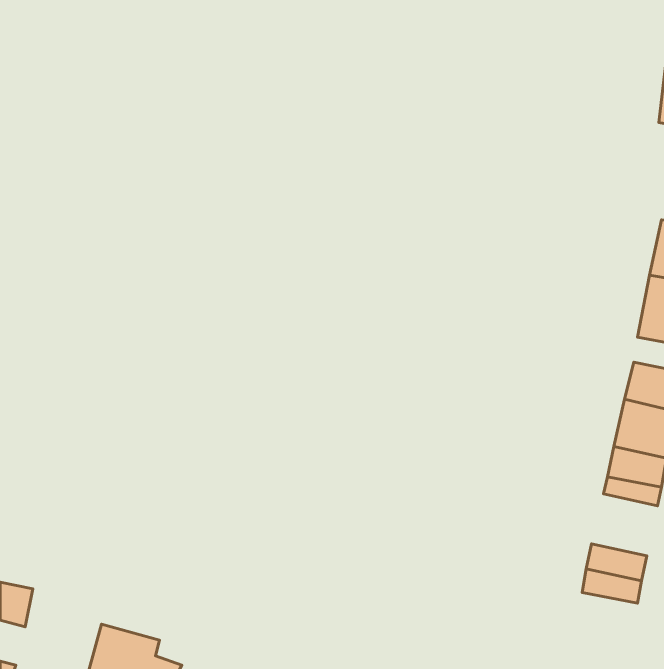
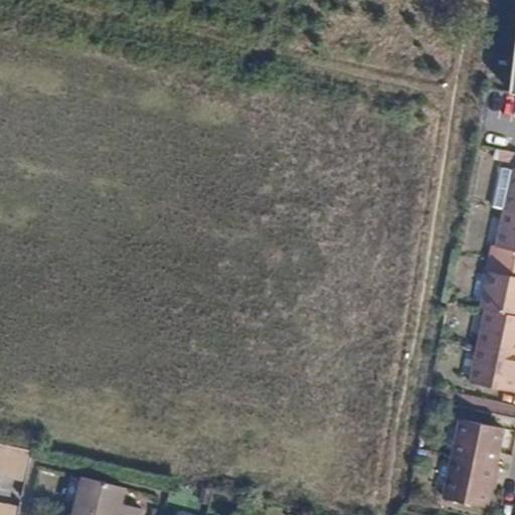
building: none -> [443,456,494,507]

